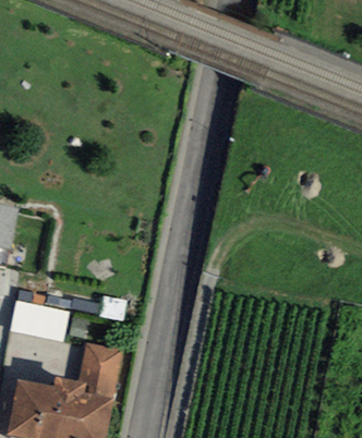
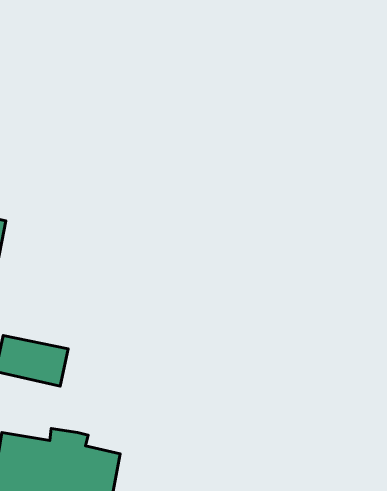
building: [77,343,122,399] -> none

